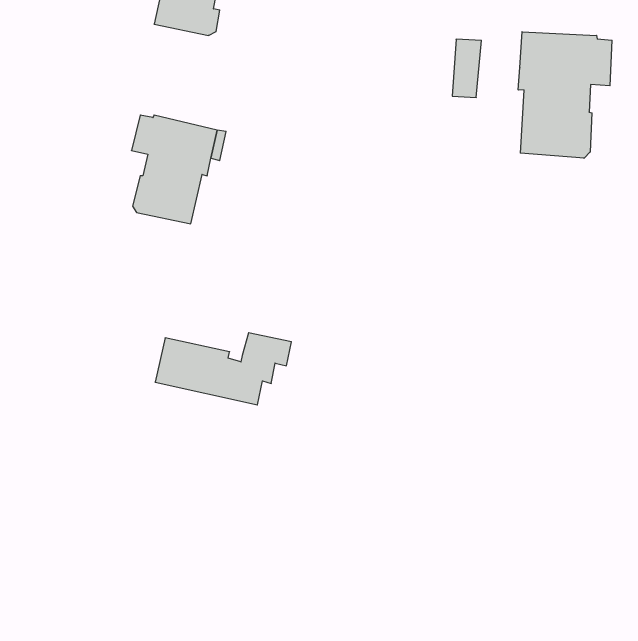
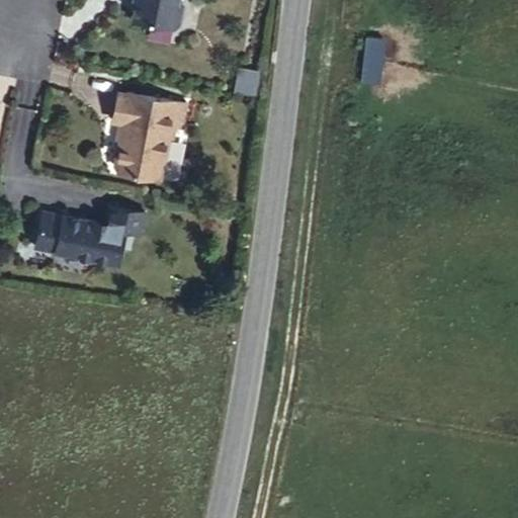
building: [518,32,612,158] -> none
building: [155,333,291,405] -> [33,208,143,266]

